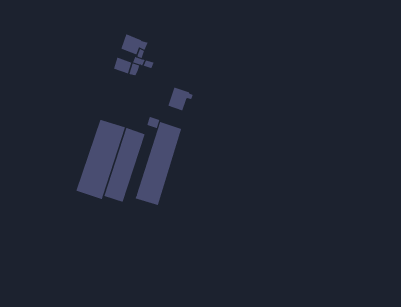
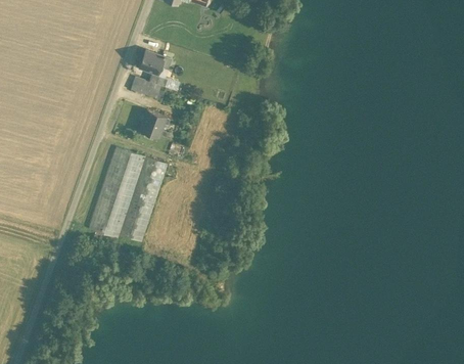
building: [168,87,194,111] -> [139,109,169,137]
building: [135,121,182,206] -> none

